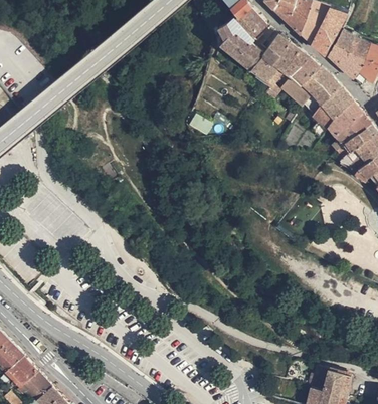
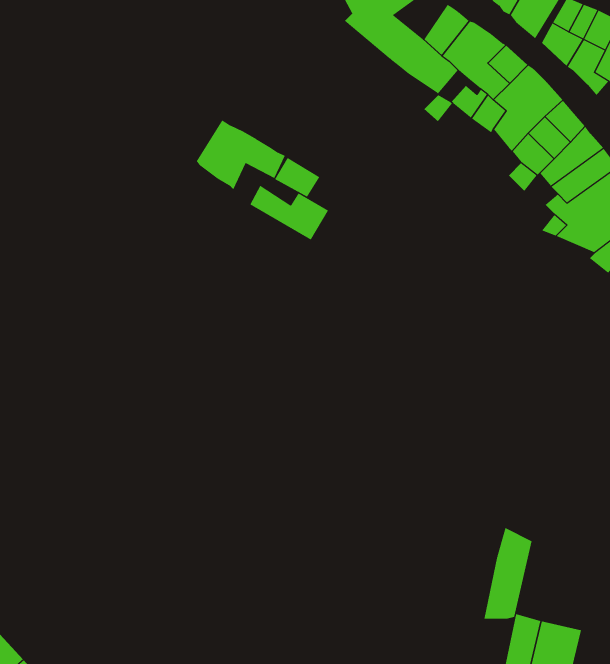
building: none -> [196,119,286,190]
building: none -> [250,185,329,241]
building: none -> [484,527,532,620]

